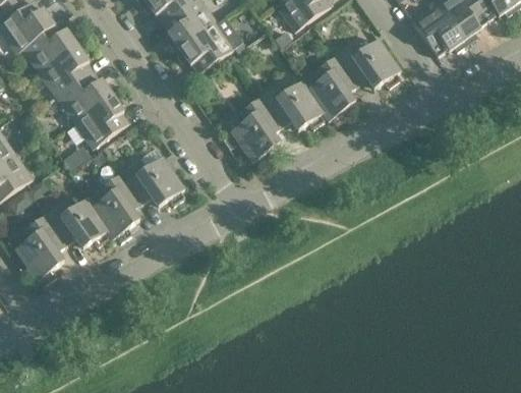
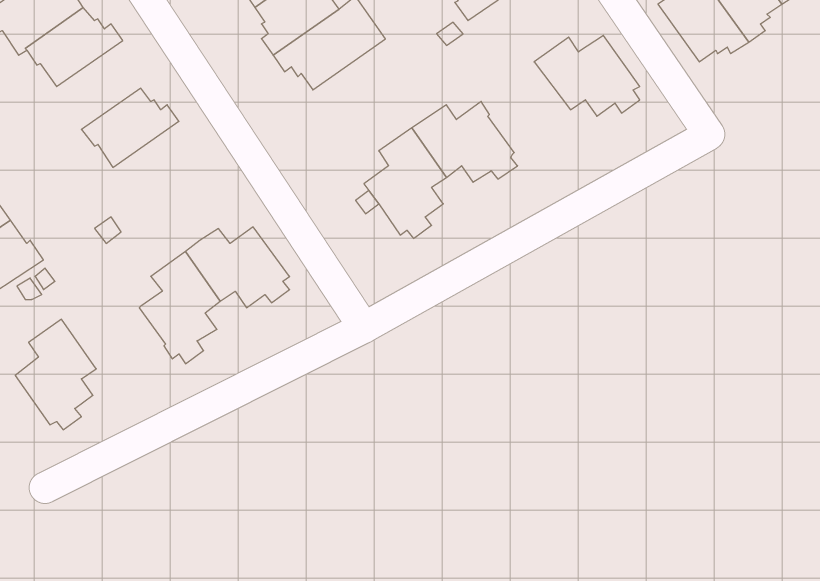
building: [41,43,93,98] -> none
building: [306,56,357,124] -> none
building: [75,93,128,148] -> none
building: [44,199,109,248] -> none

